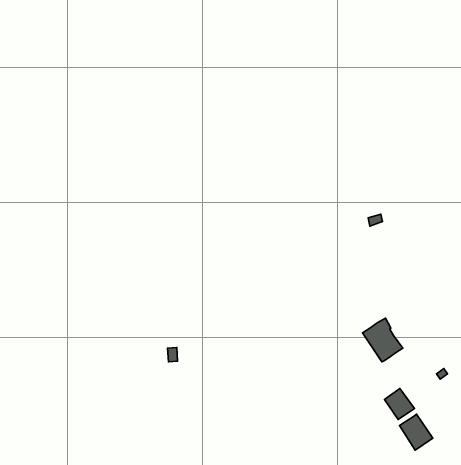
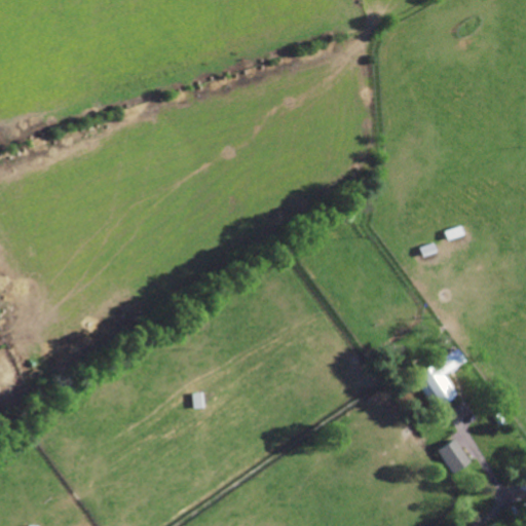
building: [399,414,433,450] -> none

